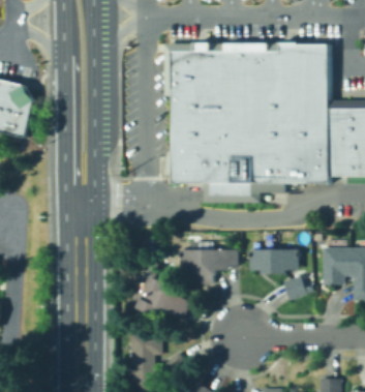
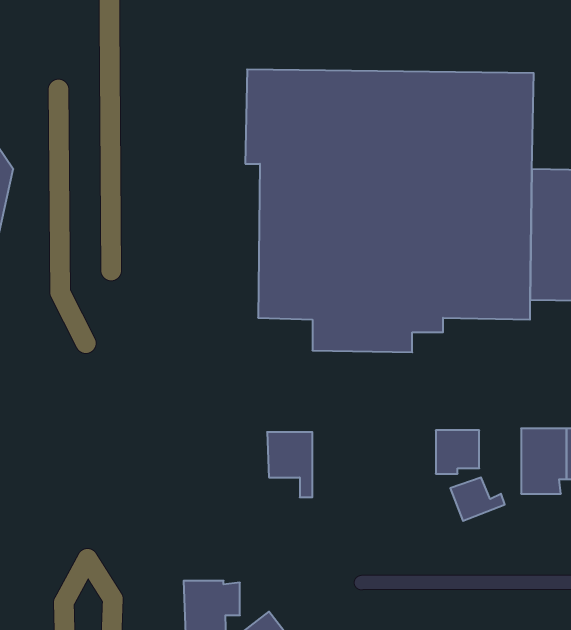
building: [249,248,274,273] -> none
building: [204,249,237,287] -> none
building: [136,275,191,320] -> none

